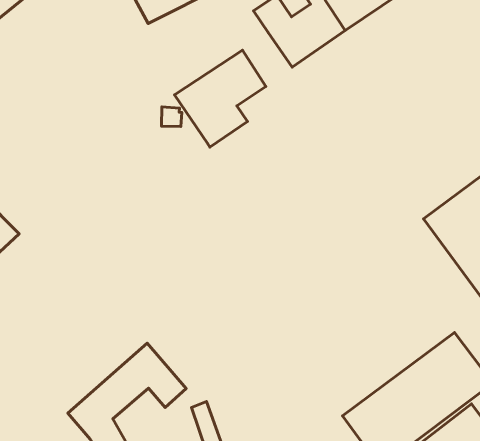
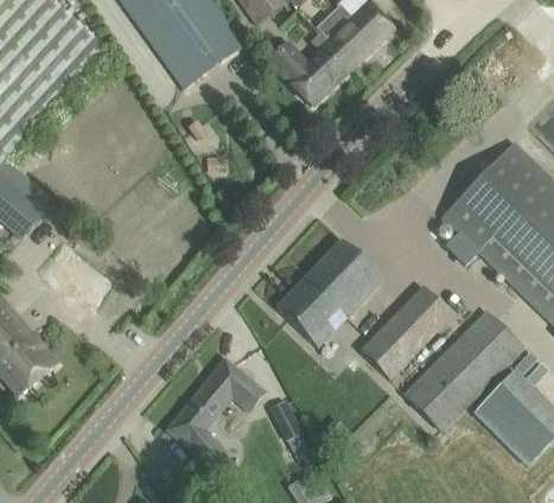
building: [174,50,266,147] -> none
building: none -> [275,240,382,346]
building: none -> [359,285,452,378]

